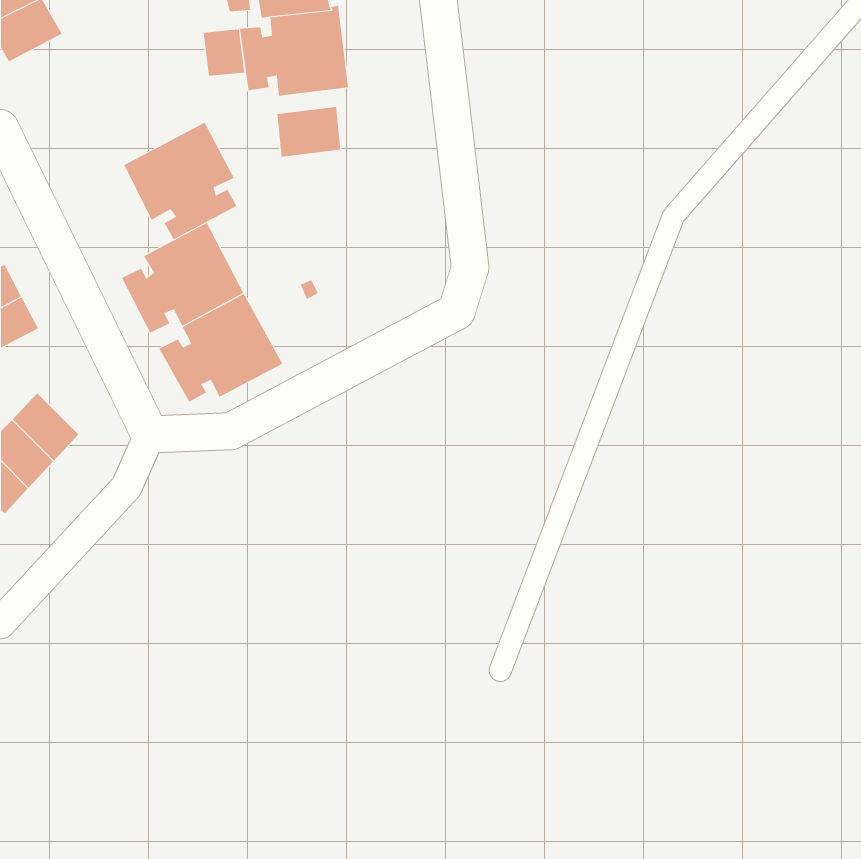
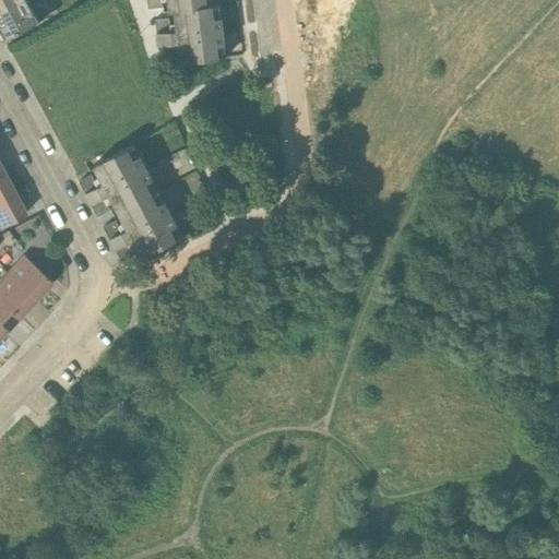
building: [203,29,245,77] -> none
building: [277,106,341,158] -> none
building: [123,122,237,240] -> none

